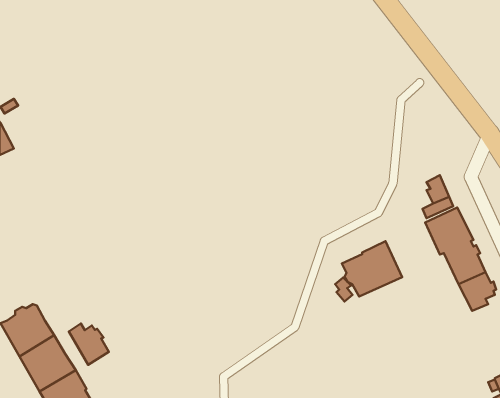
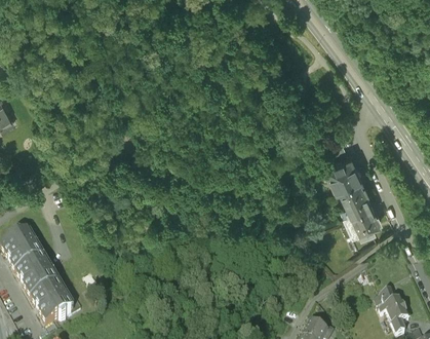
building: [342,241,402,296] -> none
building: [69,323,109,365] -> none

